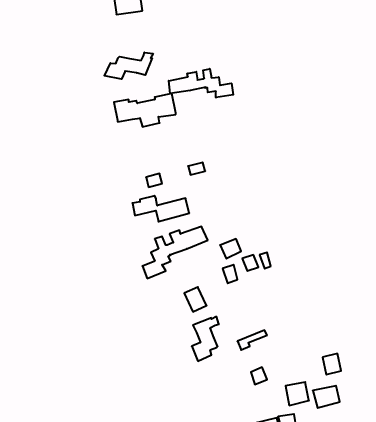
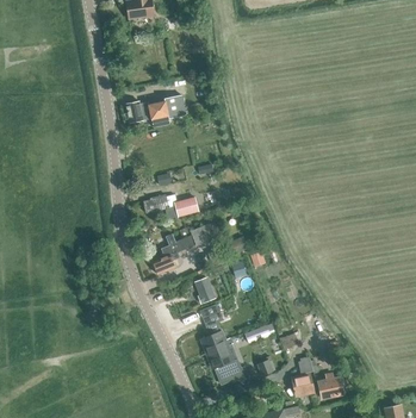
building: [104,52,153,79] -> none
building: [169,69,233,98] -> none
building: none -> [206,339,248,383]

